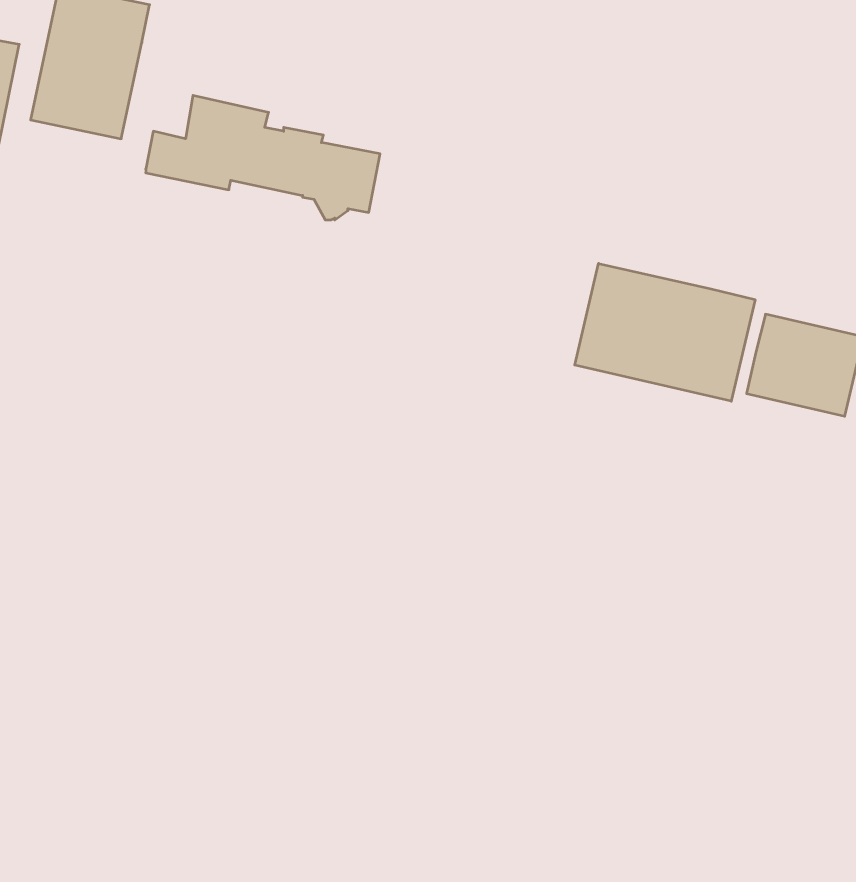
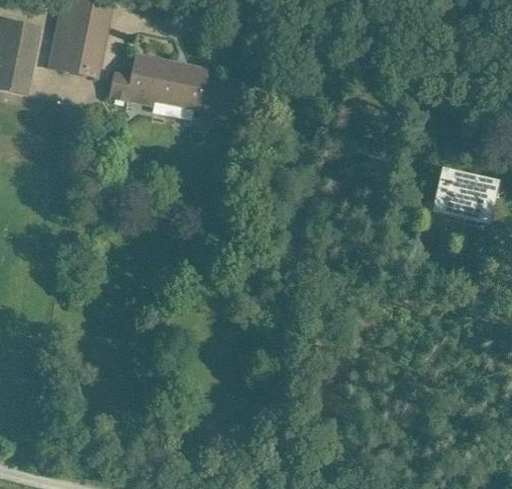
building: [575,263,755,401] -> none

